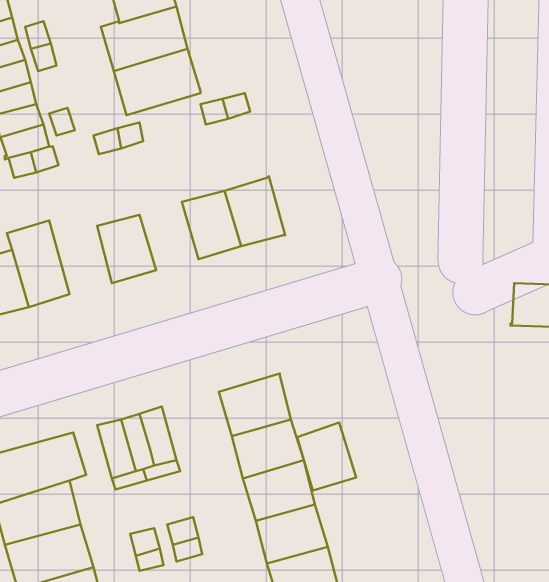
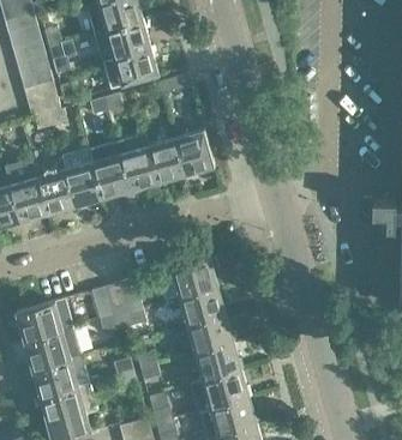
building: none -> [116,135,158,194]
building: none -> [61,159,102,207]
building: [297,423,356,490] -> none

